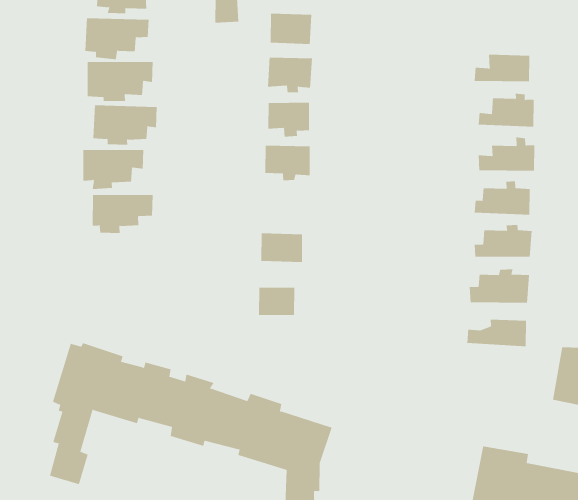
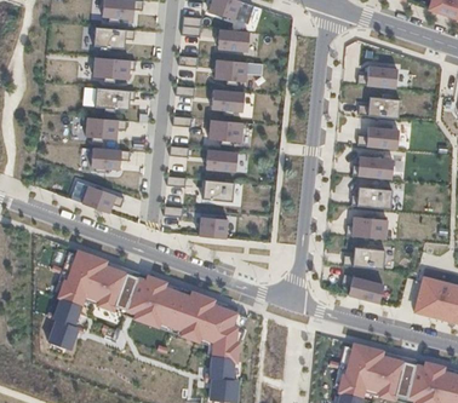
building: none -> [206,150,236,172]
building: none -> [79,183,126,215]
building: none -> [342,274,384,306]

